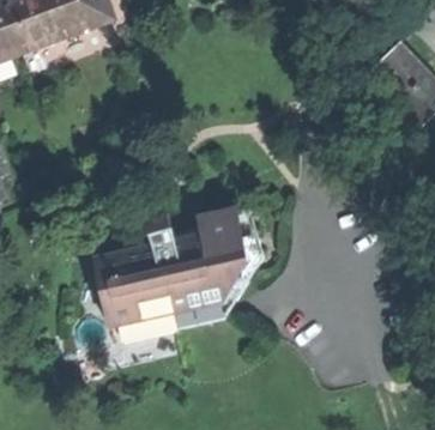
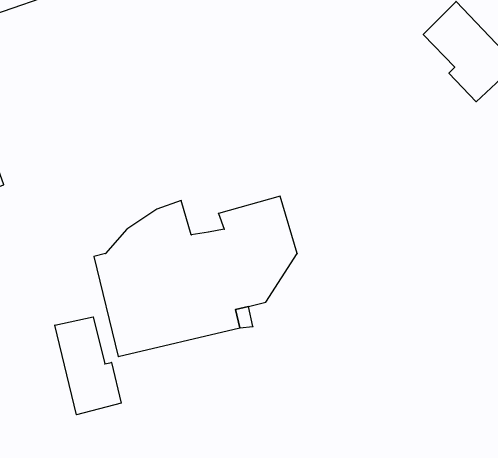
building: none -> [55,317,121,415]

